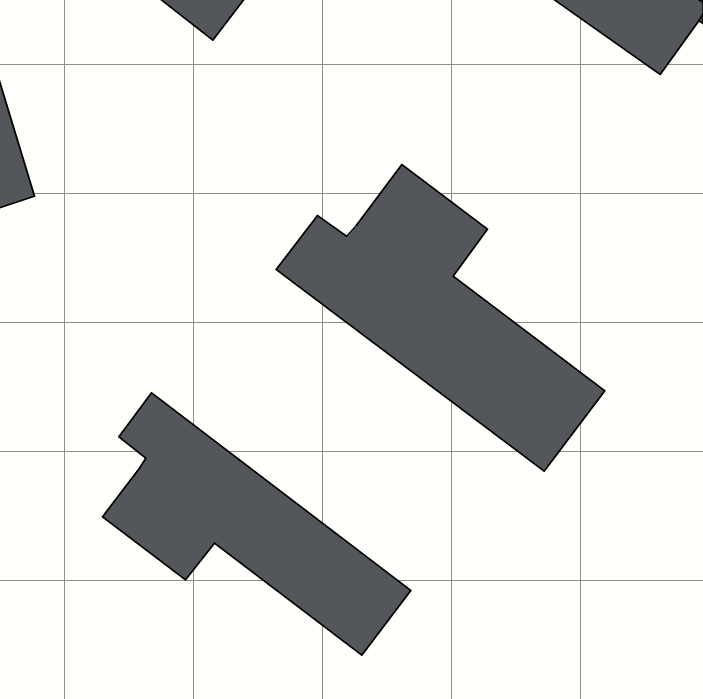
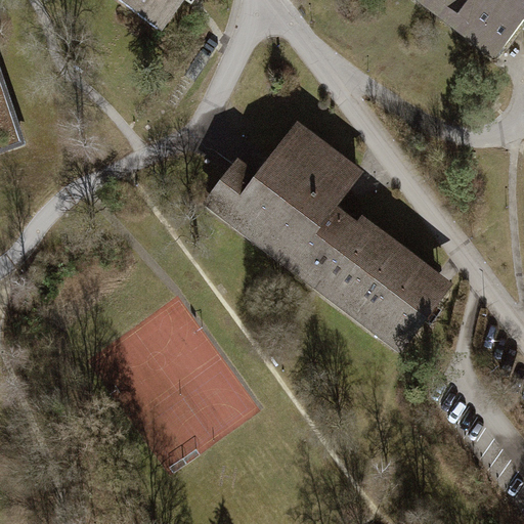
building: [102,393,411,655] -> none

